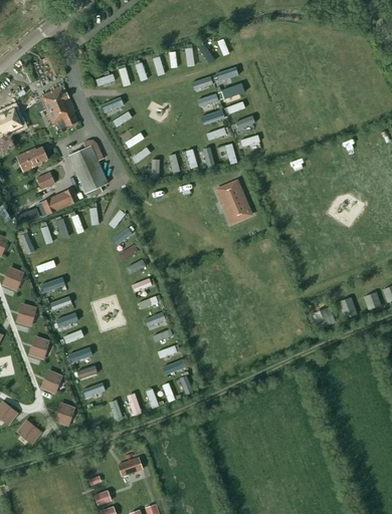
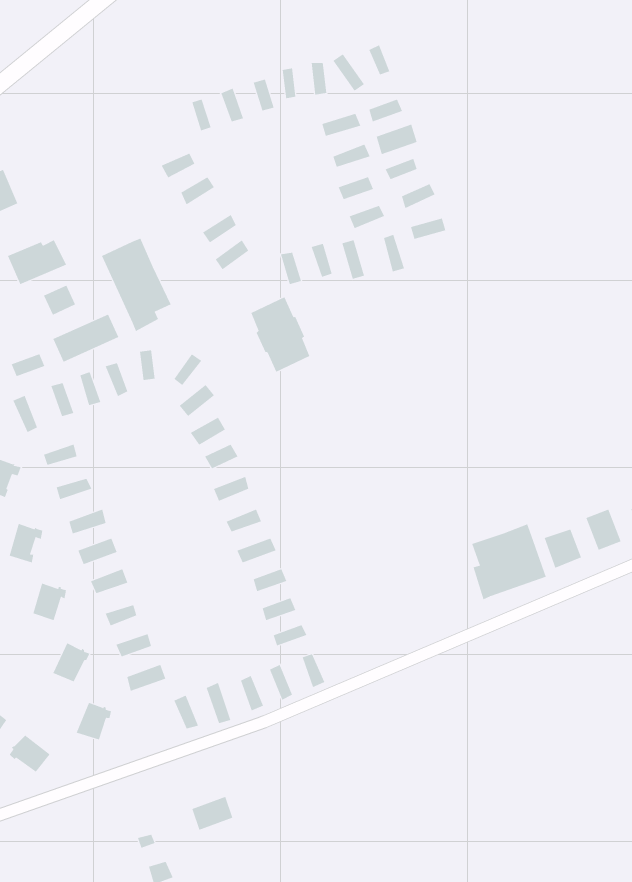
building: [38,85,77,128] -> none
building: [217,181,250,223] -> [251,297,310,373]
building: none -> [471,524,546,600]

